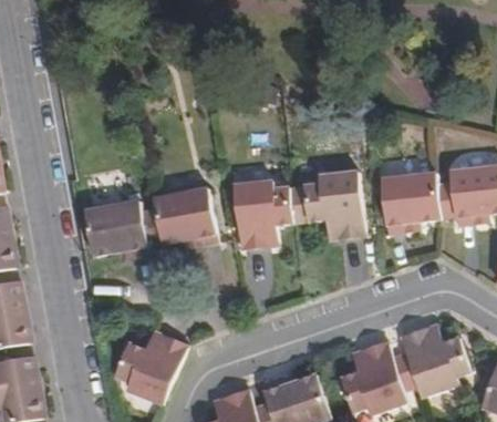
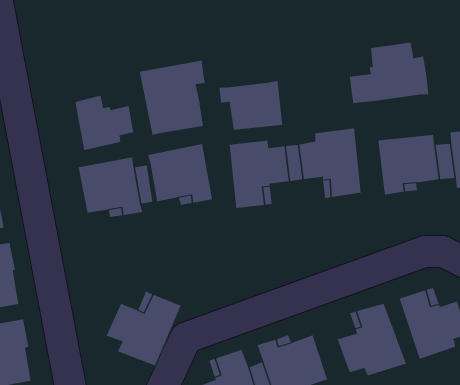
building: none -> [349,42,429,104]
building: none -> [139,60,205,135]
building: none -> [219,80,283,131]
building: none -> [75,95,134,151]

